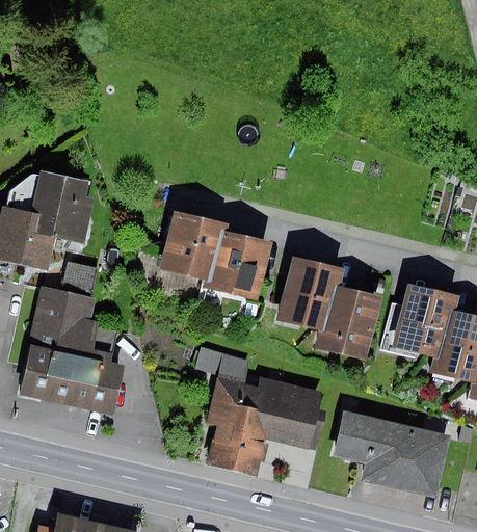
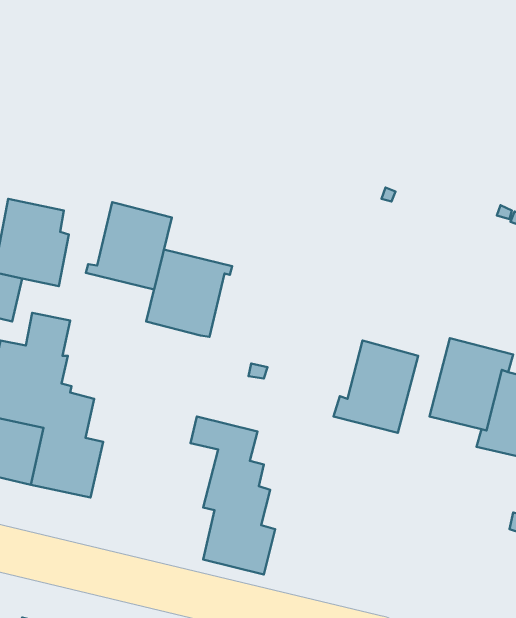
building: [202,230,272,301] -> [86,202,172,289]
building: [276,255,345,332] -> none
building: [251,373,322,451] -> none
building: [333,410,450,499] -> none

